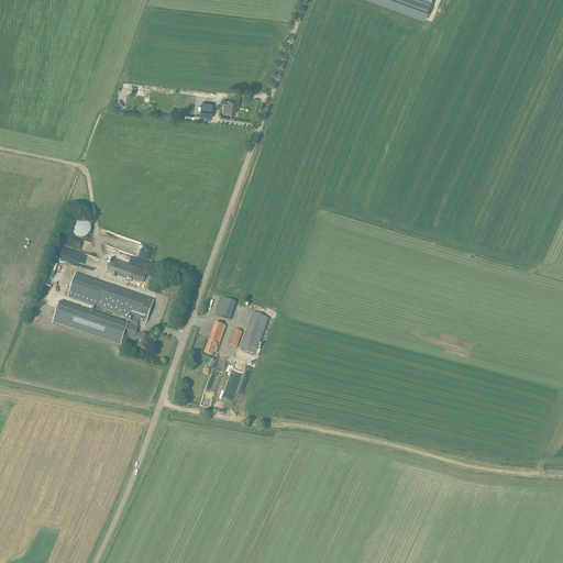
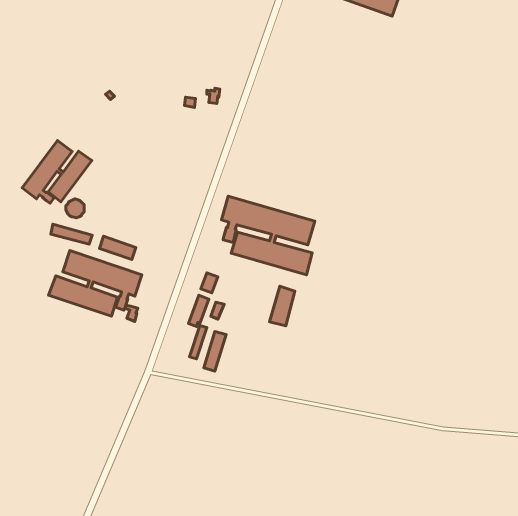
building: none -> [22,141,92,203]
building: none -> [221,196,315,275]
building: [240,310,267,353] -> [270,286,295,326]

